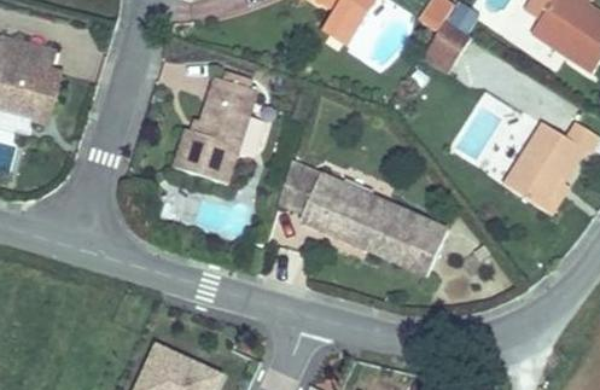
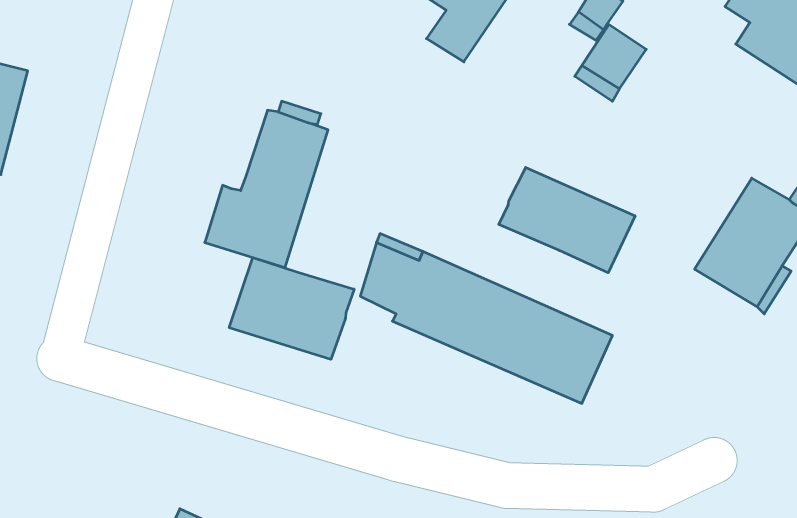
building: none -> [499,167,635,273]
building: none -> [229,258,354,359]

